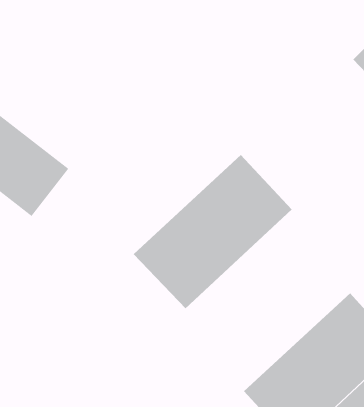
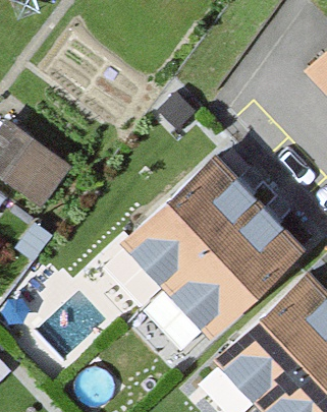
building: none -> [167,203,305,338]

